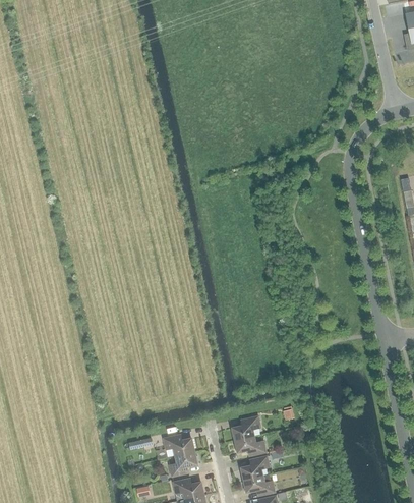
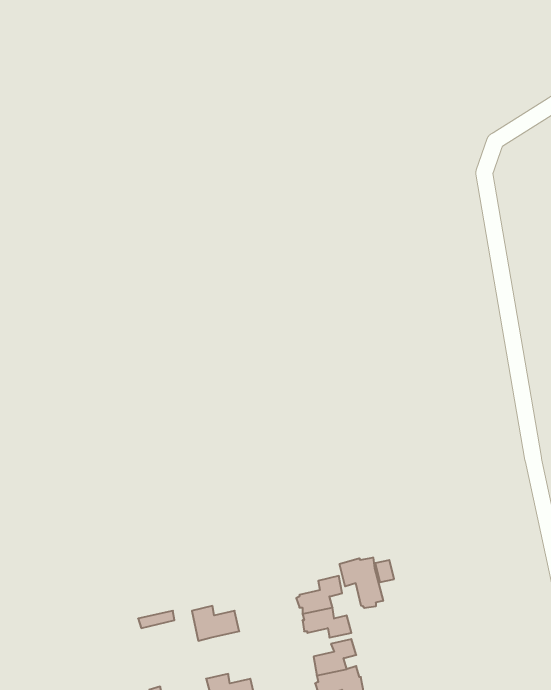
building: none -> [340,557,383,608]
building: [169,450,198,474] -> none

